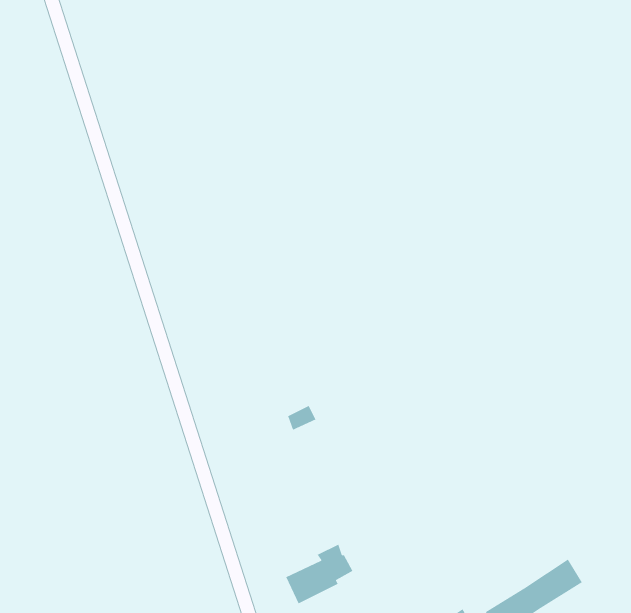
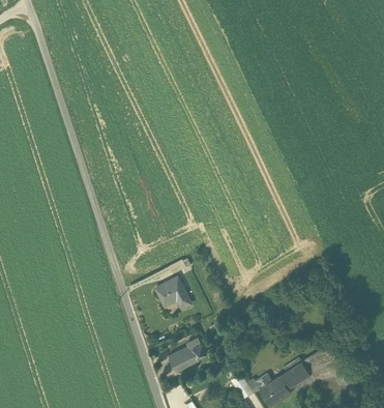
building: none -> [155,278,191,309]

